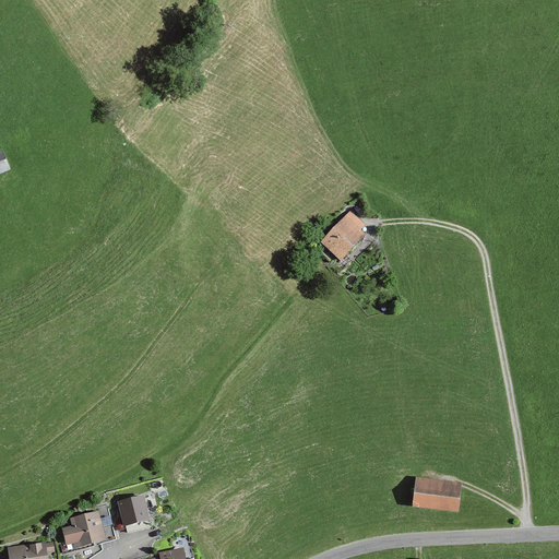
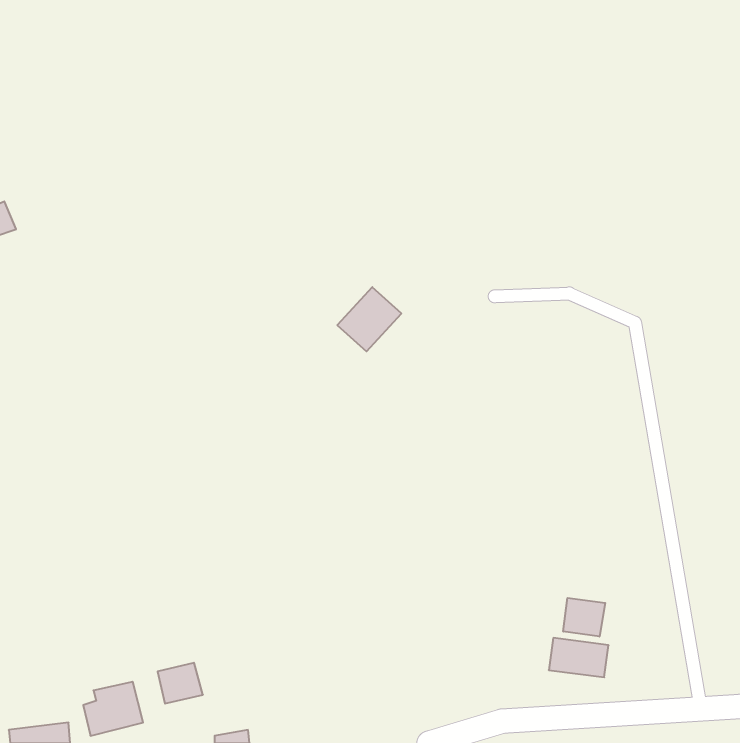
building: [319,216,367,264] -> [337,287,401,351]
building: none -> [563,598,605,637]

